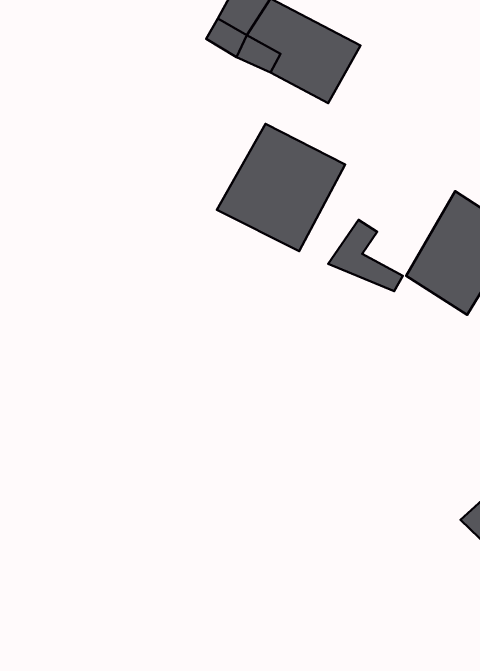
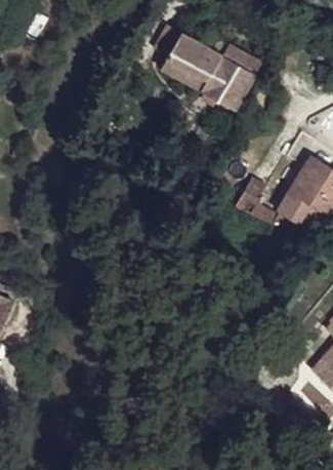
building: [217,124,345,251] -> none

